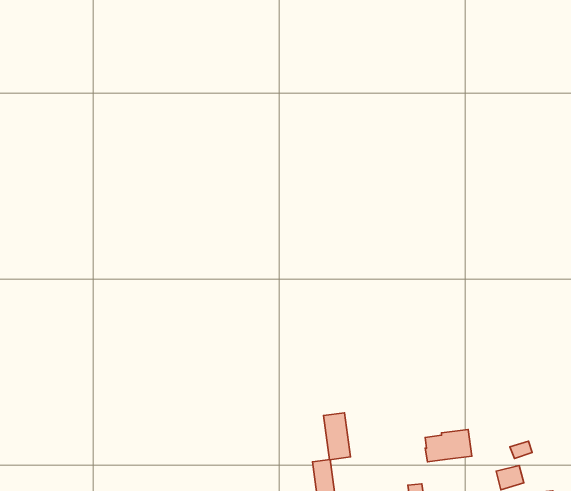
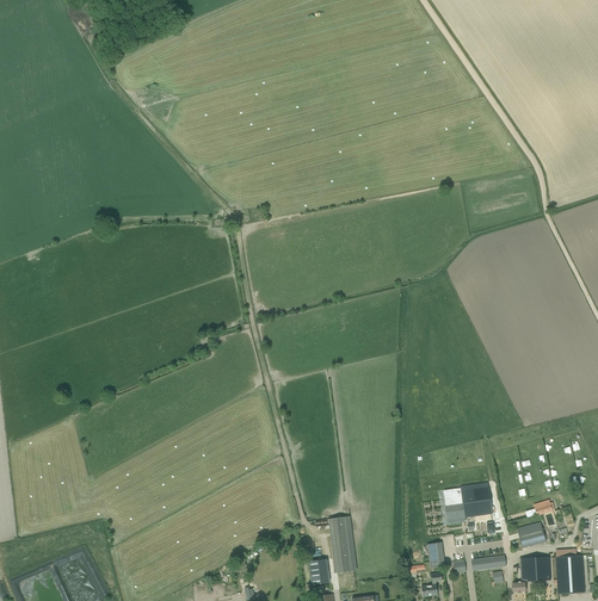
building: [324,413,351,460] -> none

